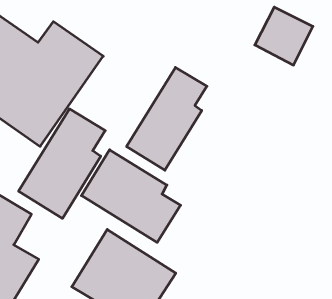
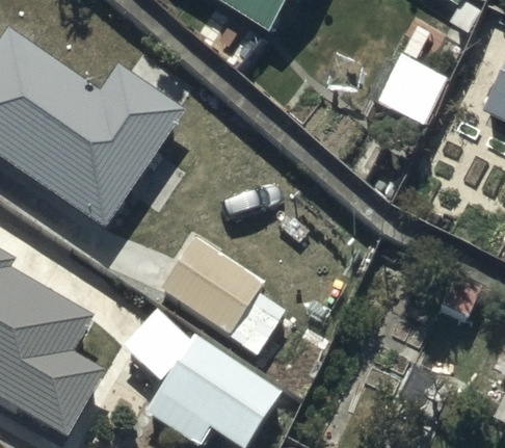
building: [127,67,207,170] -> none
building: [19,109,105,218] -> none

